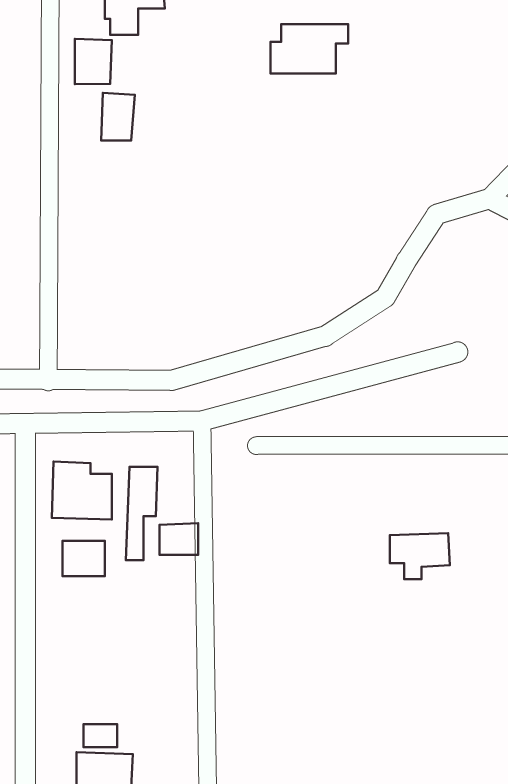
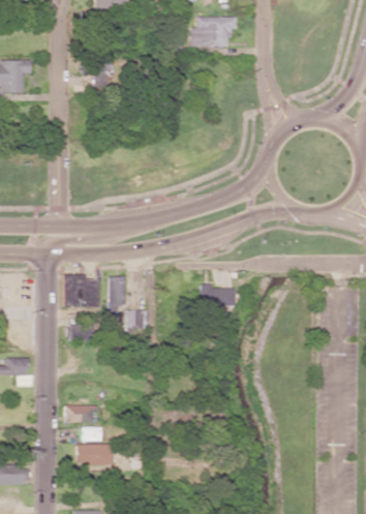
building: [75,39,112,84] -> none
building: [390,533,450,579] -> [201,286,236,313]
building: none -> [66,404,98,422]

